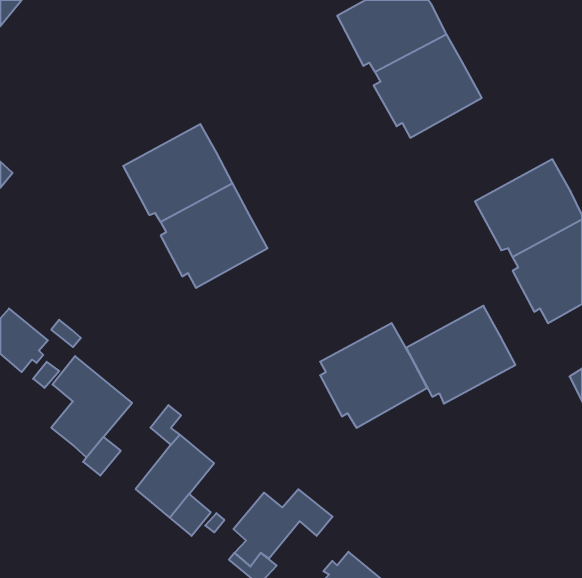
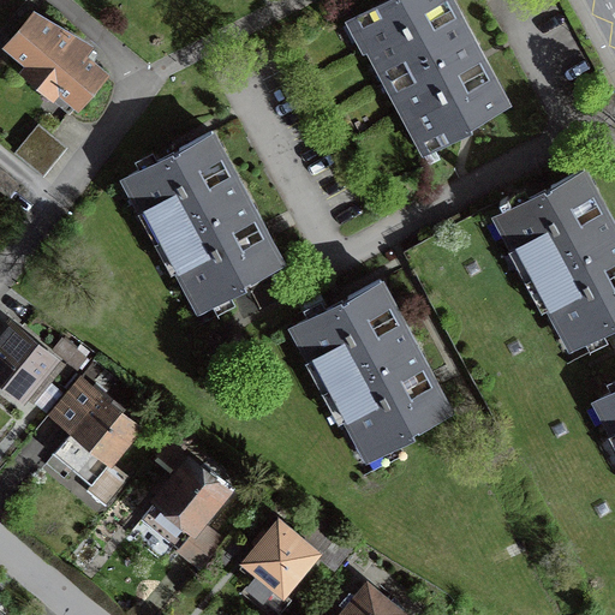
building: none -> [8,18,103,107]
building: none -> [17,129,65,177]
building: [406,306,515,404] -> [298,282,413,386]

